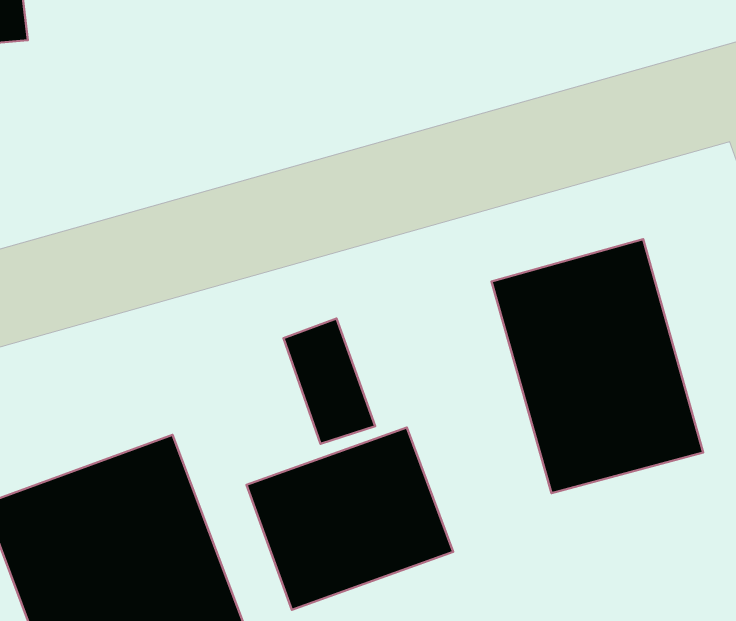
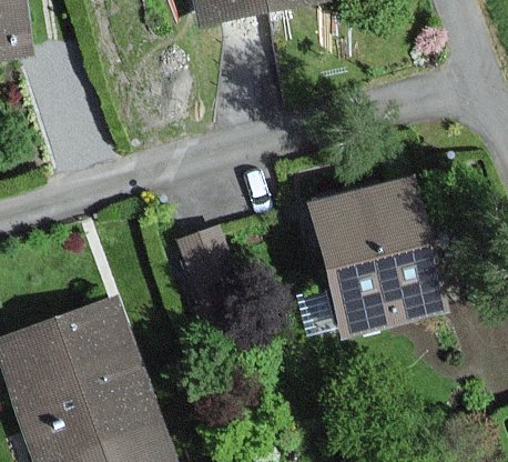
building: [247,427,453,610] -> none

